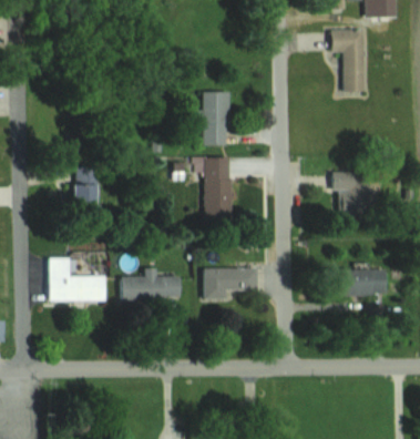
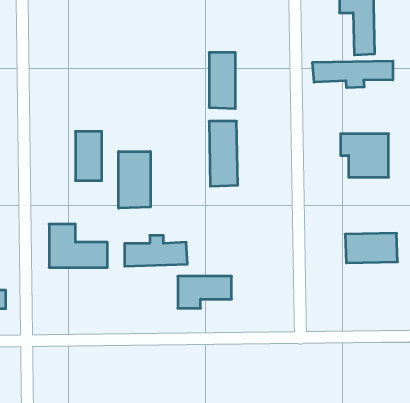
building: none -> [313,61,393,88]
building: none -> [119,151,150,208]
building: [204,268,256,299] -> [178,276,232,308]

